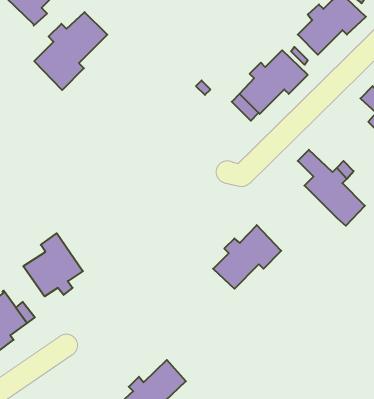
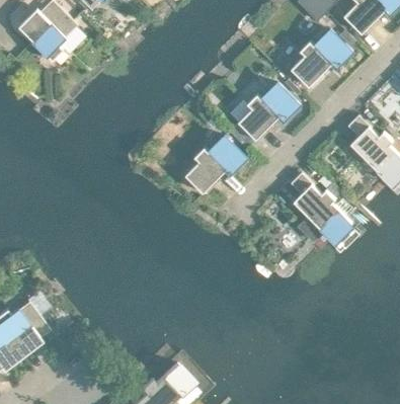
building: [34,12,107,90] -> none
building: [213,225,281,289] -> [184,135,246,192]
building: [23,233,83,296] -> none

